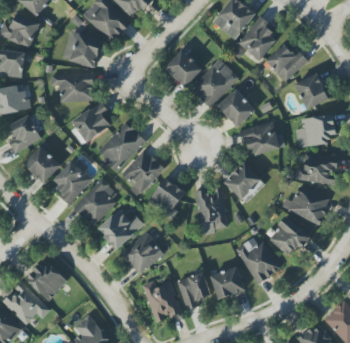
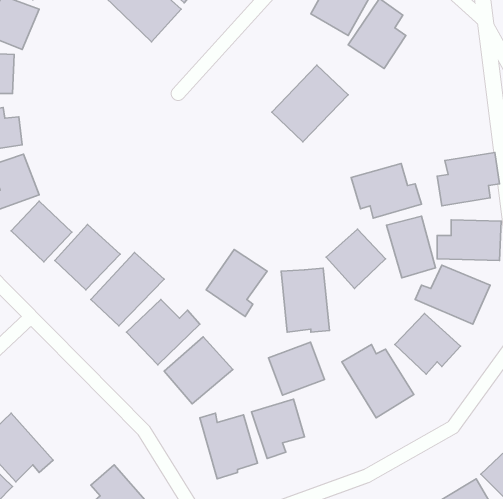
building: [62,31,101,67] -> none
building: [266,44,308,81] -> none
building: [164,49,201,87] -> none
building: [294,72,329,109] -> none
building: [50,73,93,102] -> none
building: [217,85,255,127] -> none
building: [72,101,110,141] -> none
building: [98,122,146,172] -> none
building: [119,150,164,194] -> none
building: none -> [386,216,436,278]
building: [25,264,67,300] -> none
building: [209,266,245,300] -> [268,342,325,395]

